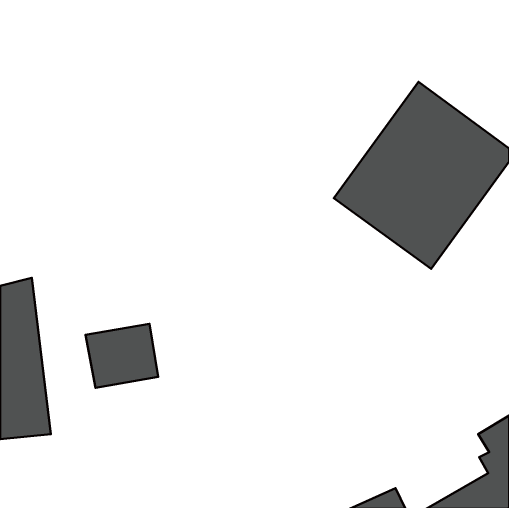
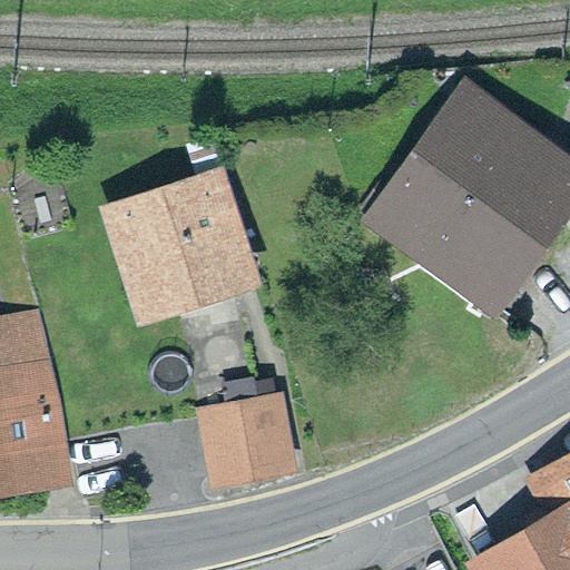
building: none -> [126,185,235,299]
building: [86,324,158,388] -> [204,402,285,473]

